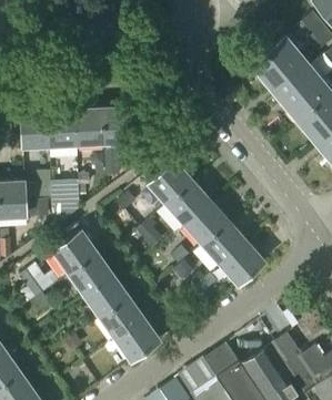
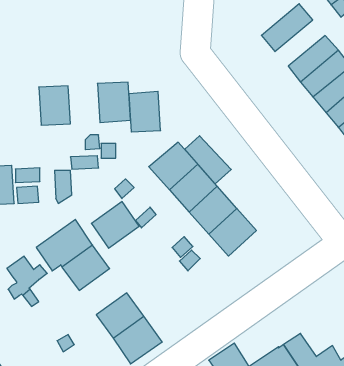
building: [263,51,309,93] -> none
building: [76,109,104,145] -> [129,91,161,132]
building: [21,112,51,148] -> none
building: none -> [185,136,231,184]
building: [221,242,265,286] -> none
building: [85,276,129,318] -> [91,202,139,248]

